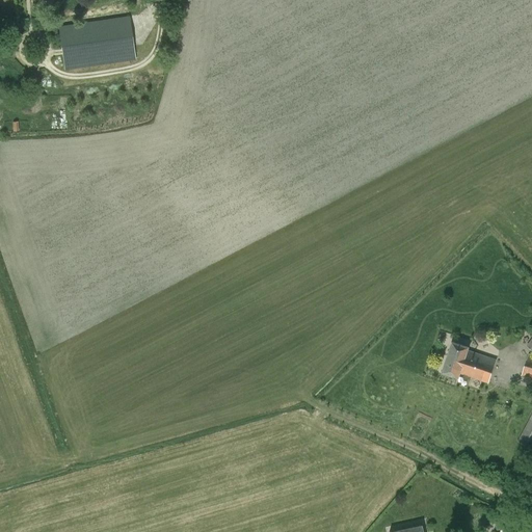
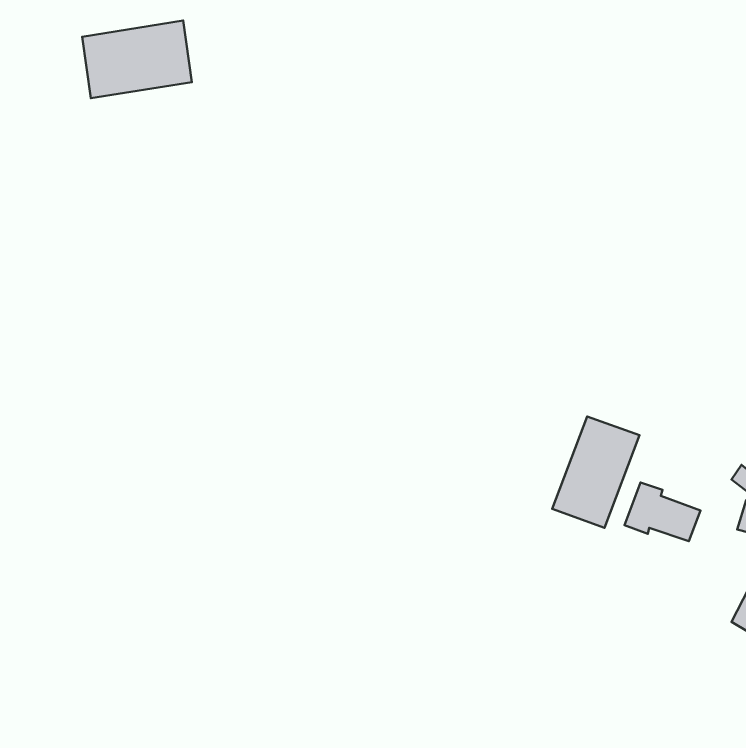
building: none -> [552,416,639,528]

